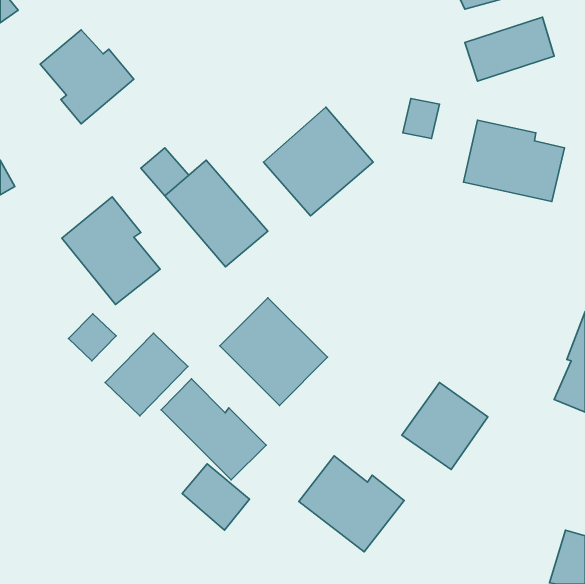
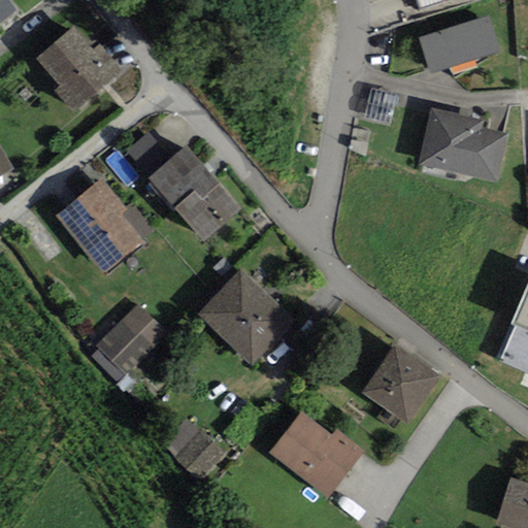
building: [263,107,373,216] -> none
building: [69,314,116,361] -> none
building: [161,379,266,480] -> none

